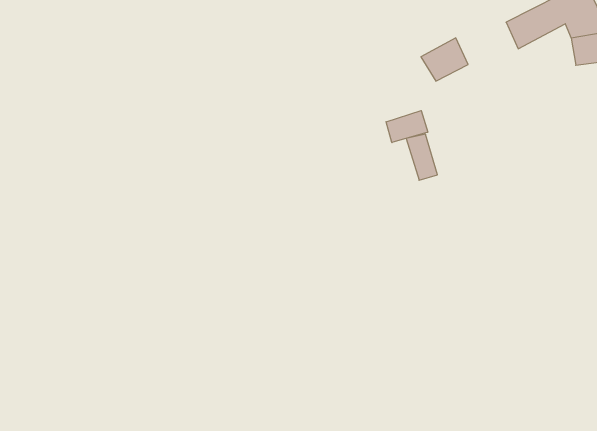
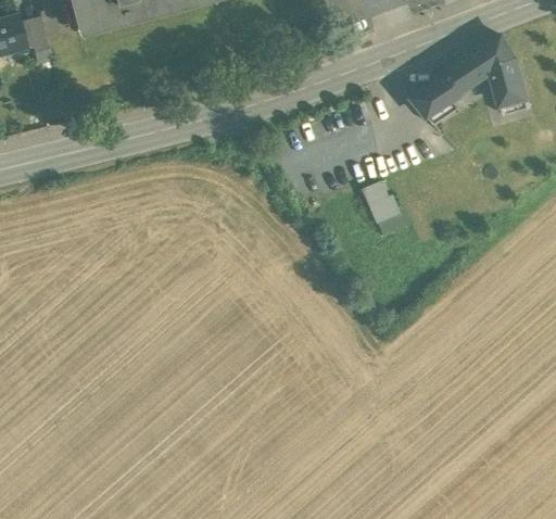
building: [421,38,468,81] -> [409,78,451,117]
building: [386,111,428,143] -> none

